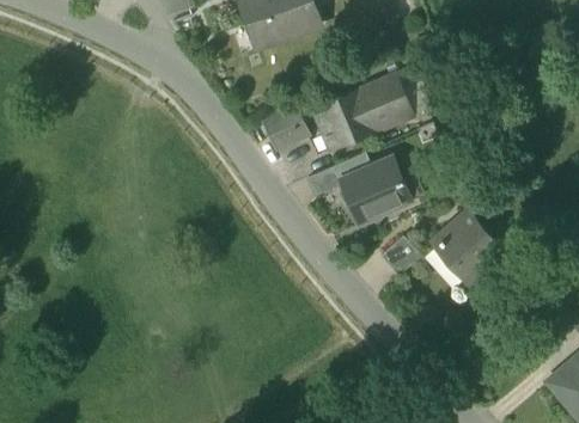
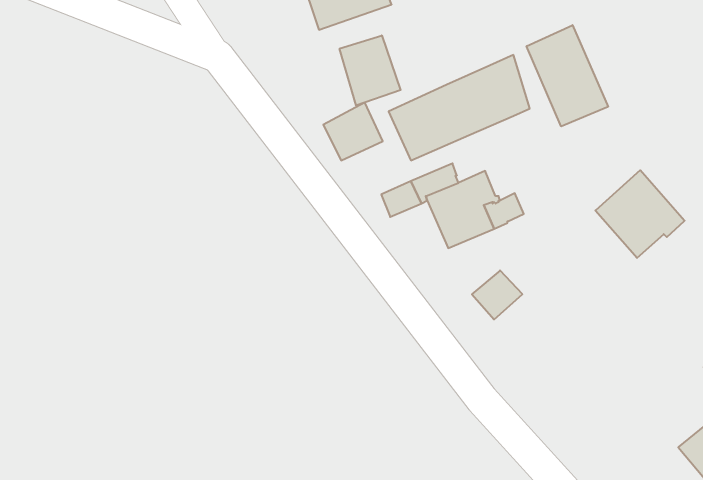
building: none -> [527,25,608,126]
building: none -> [340,35,401,106]
building: [433,212,505,282] -> [595,170,685,258]

